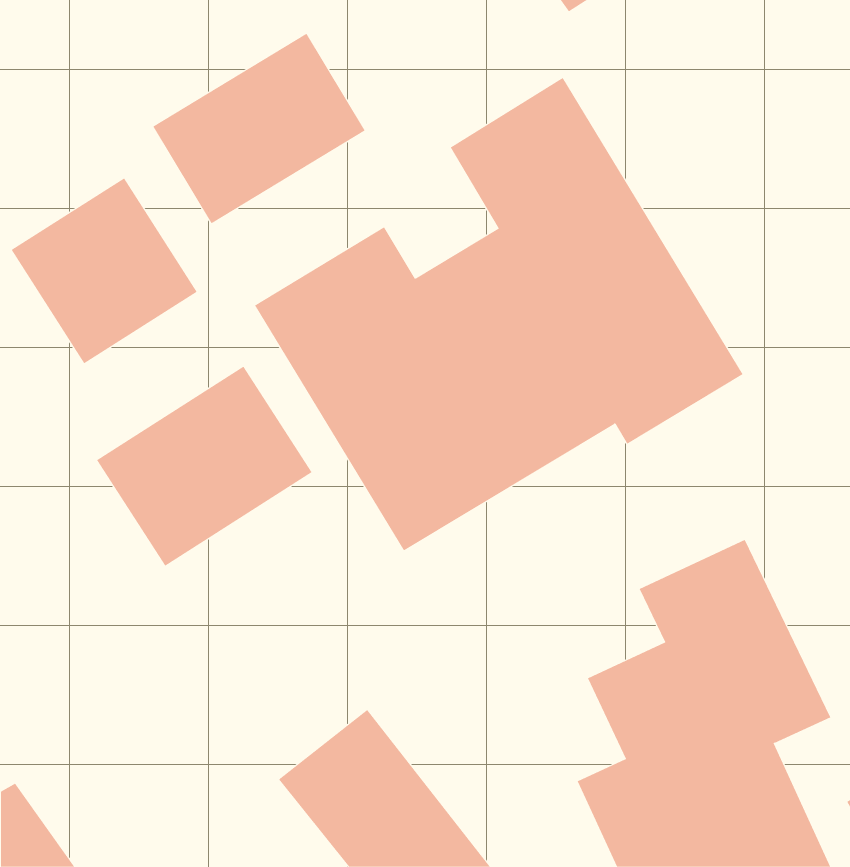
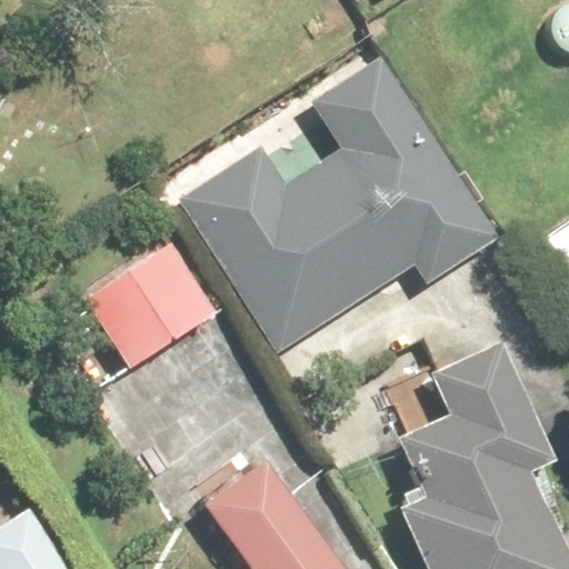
building: [153,33,365,224] -> none
building: [11,178,197,364] -> none

